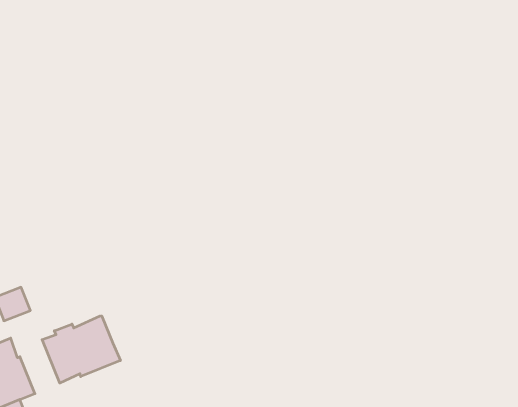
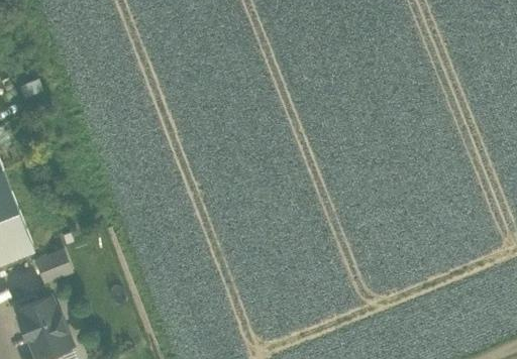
building: [42,316,120,383] -> none

